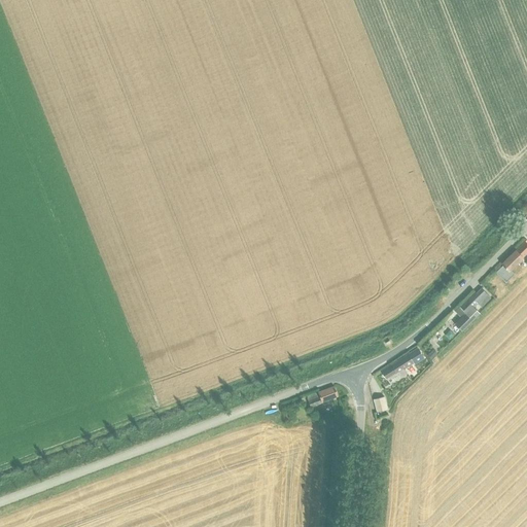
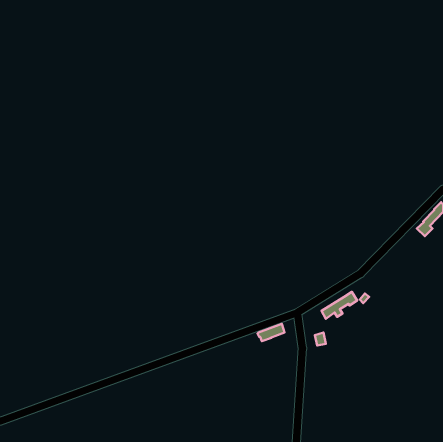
building: [455,286,490,329] -> none

